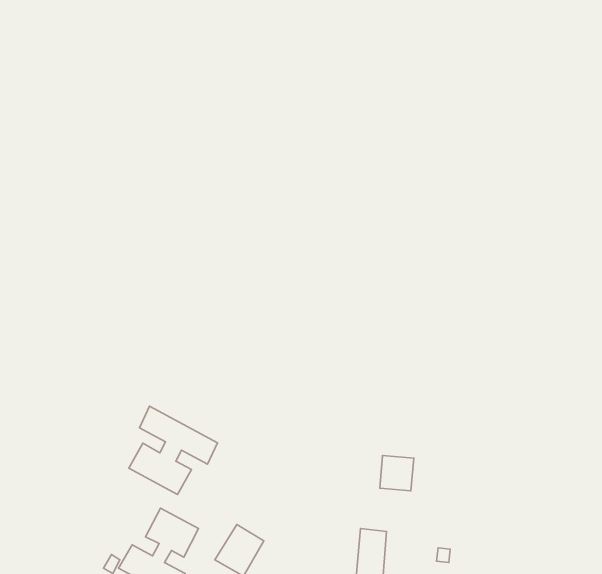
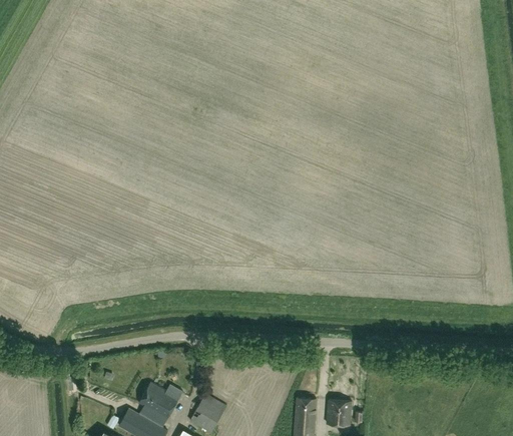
building: [129,406,218,495] -> none
building: [380,456,414,491] -> [326,400,351,426]

